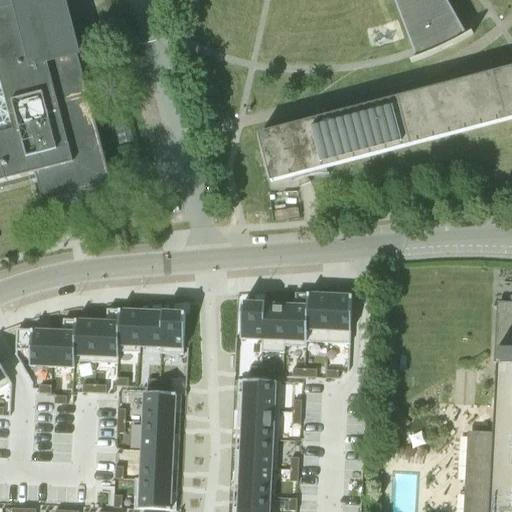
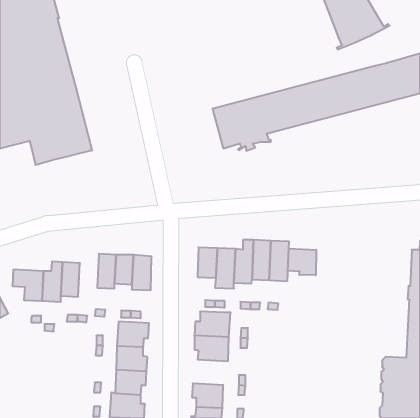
building: none -> [288,249,316,275]
building: [95,307,120,361] -> none
building: [234,436,277,467] -> none

